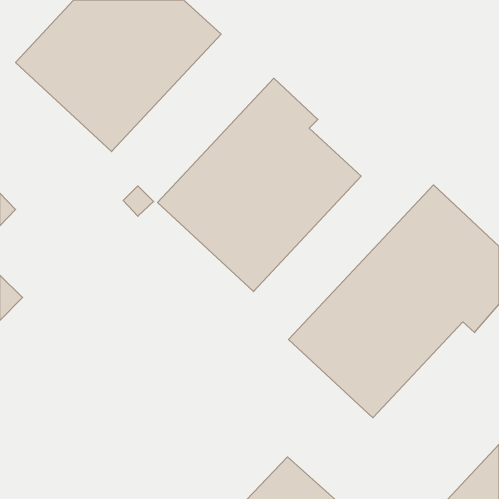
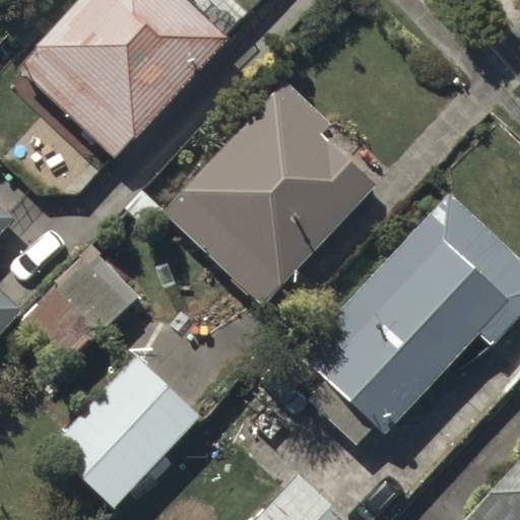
building: none -> [21,250,140,370]
building: none -> [51,354,201,506]

